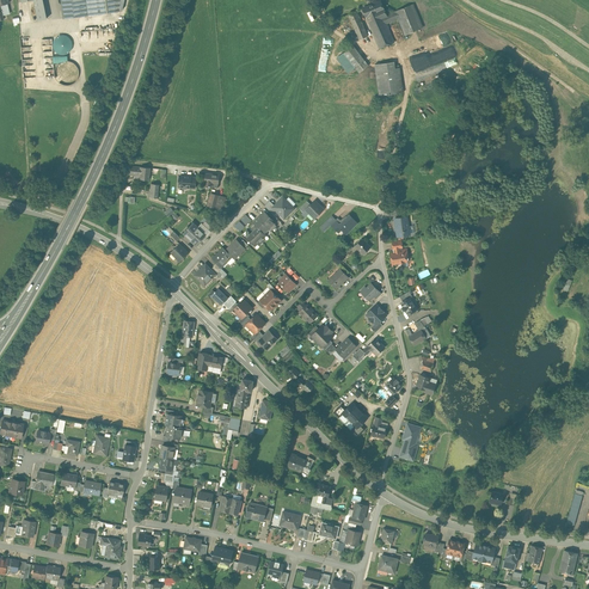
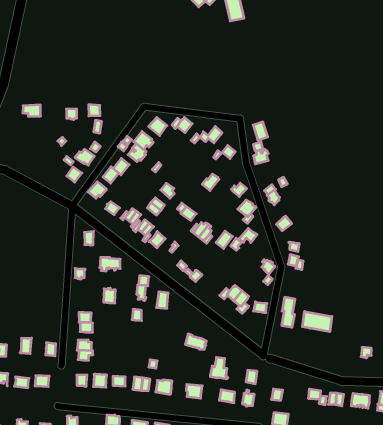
building: none -> [302,311,332,332]

